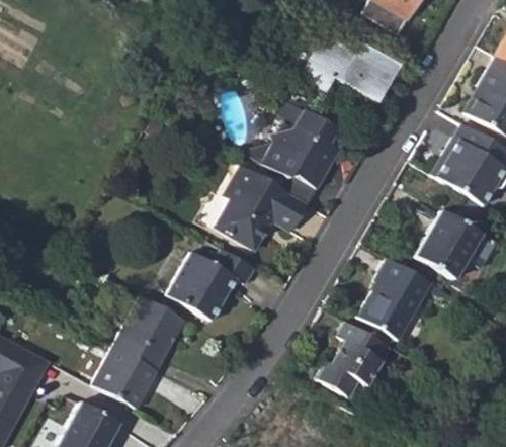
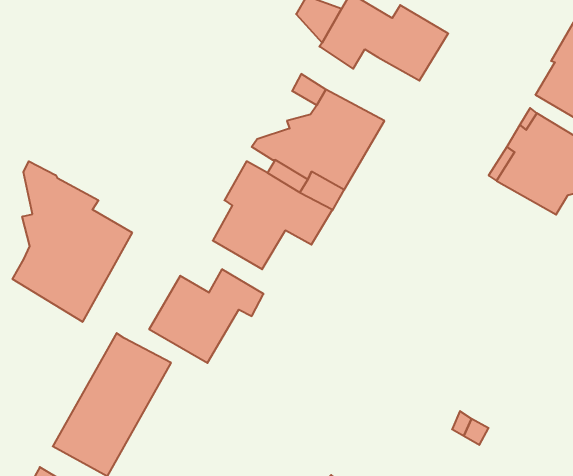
building: none -> [13,161,132,322]
building: [417,208,483,278] -> none
building: [357,257,432,339] -> none
building: [317,320,392,397] -> none

